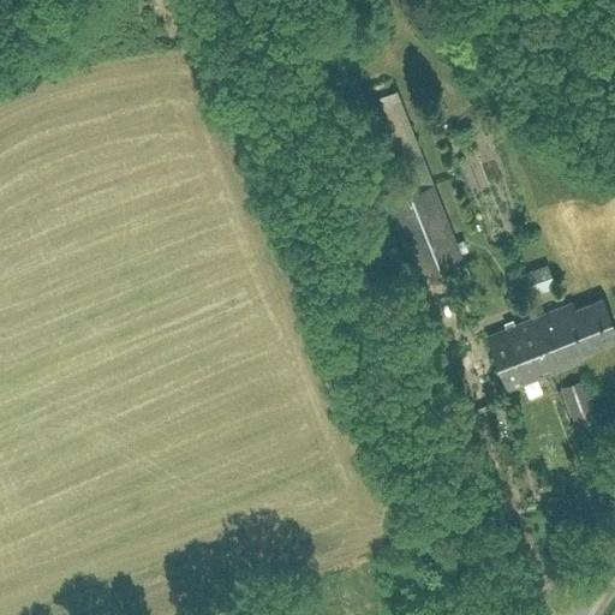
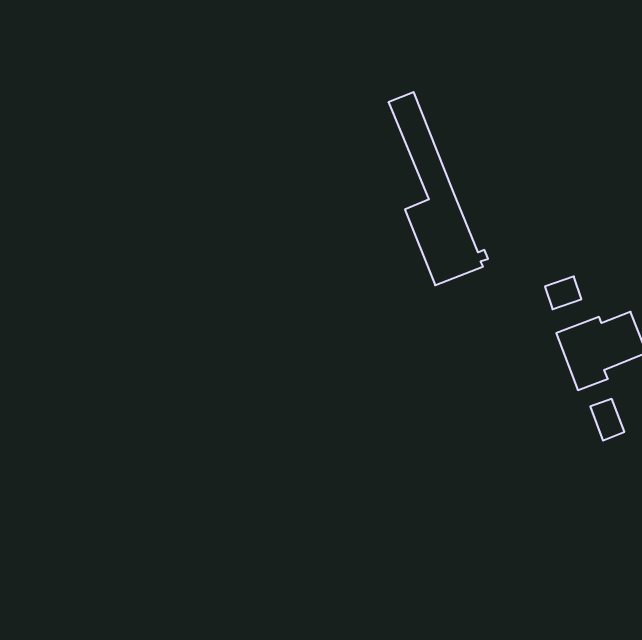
building: [489,322,553,392] -> none

